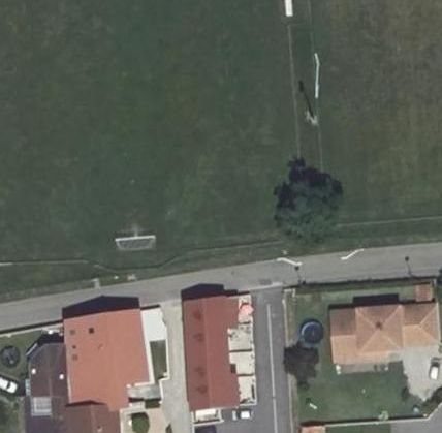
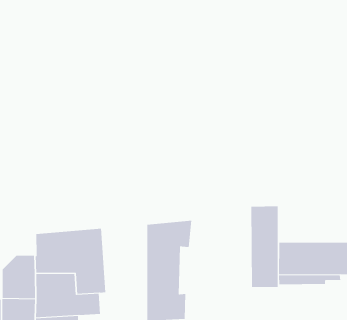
building: none -> [251,205,278,288]

